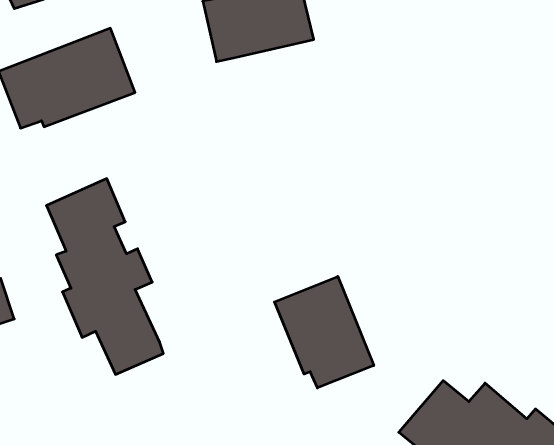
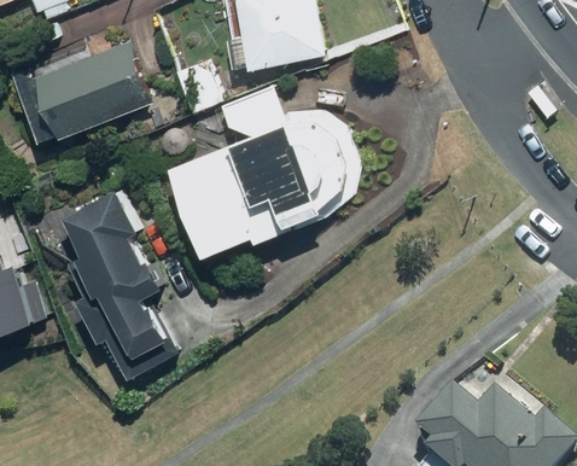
building: none -> [175,82,355,250]
building: [274,276,374,388] -> none

